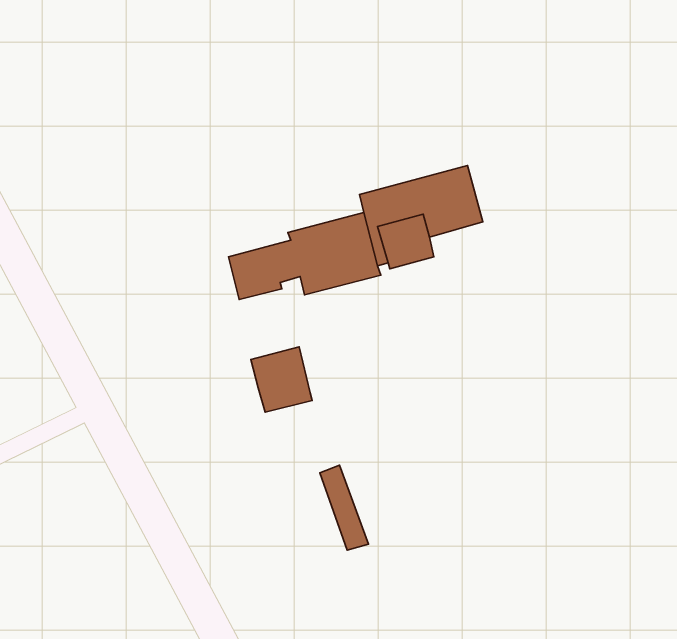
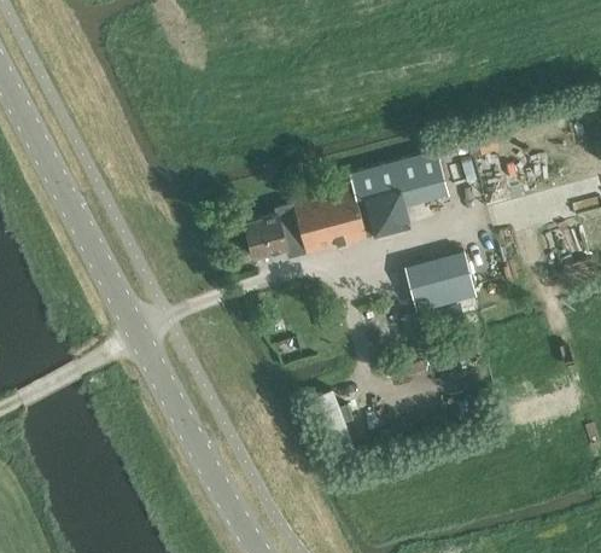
building: none -> [405,261,475,320]
building: [251,347,312,412] -> none

